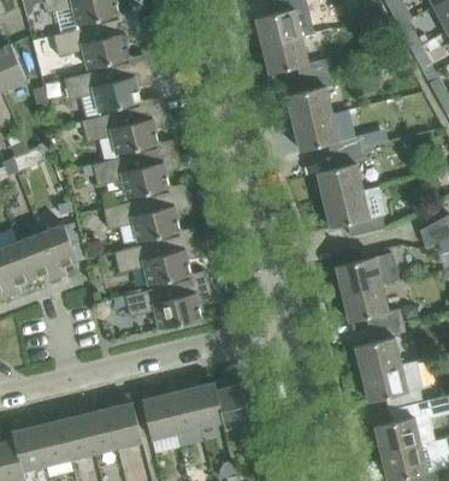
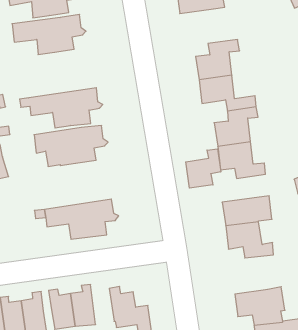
building: [261,37,333,79] -> none
building: [81,102,170,155] -> none
building: none -> [186,149,221,188]
building: [113,233,202,286] -> none
building: [354,323,406,375] -> none
building: [188,379,220,428] -> none

